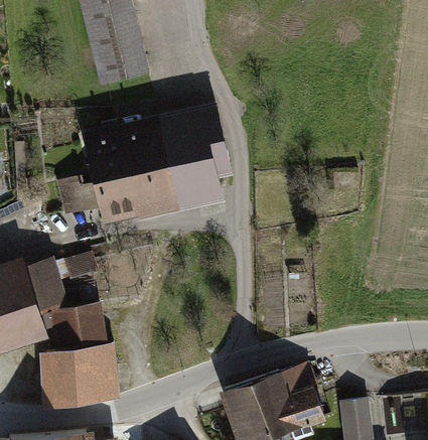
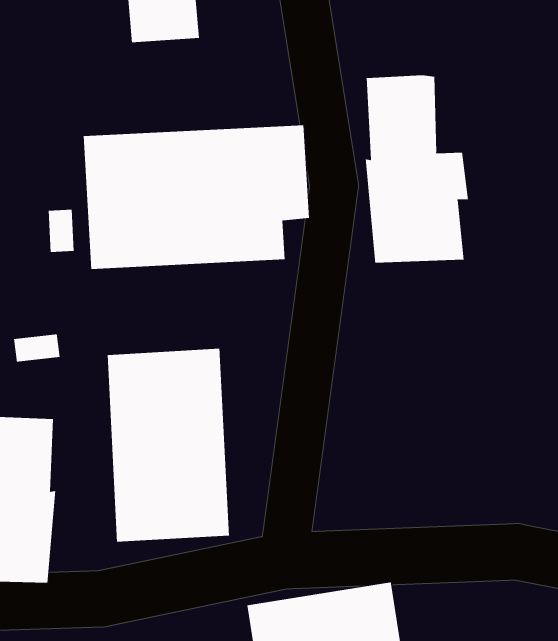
building: none -> [365,74,468,263]
building: none -> [107,348,230,543]

